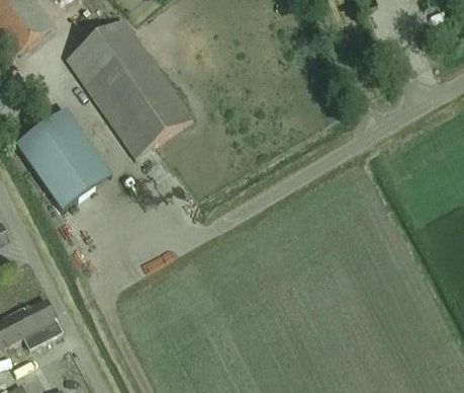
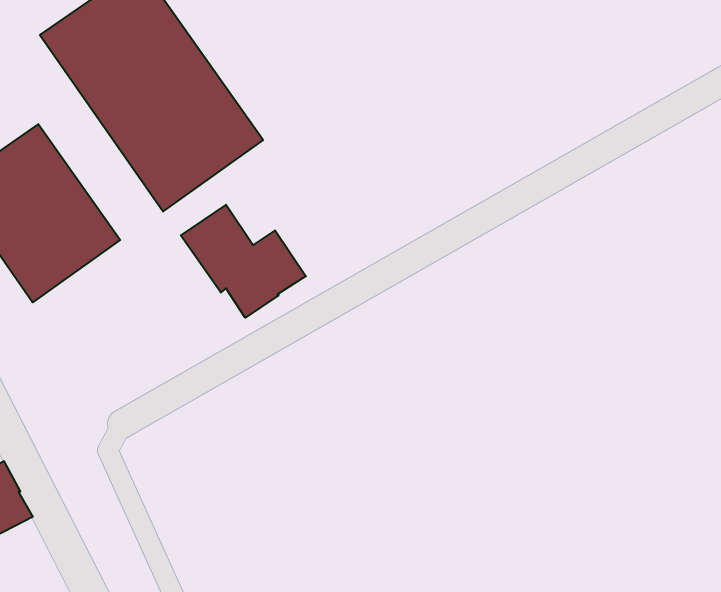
building: none -> [181,205,306,318]

